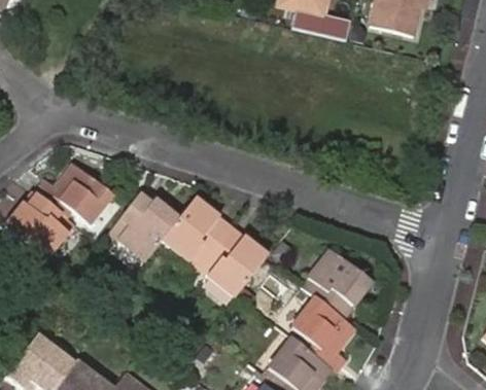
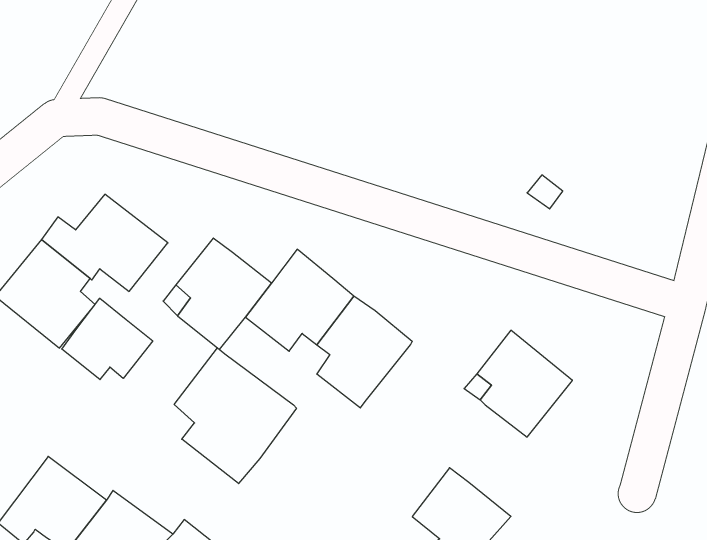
building: none -> [62,298,153,380]
building: none -> [174,348,296,484]
building: [293,297,356,373] -> none

